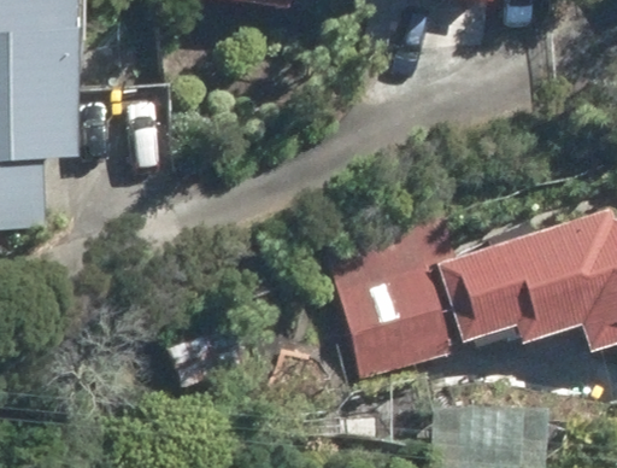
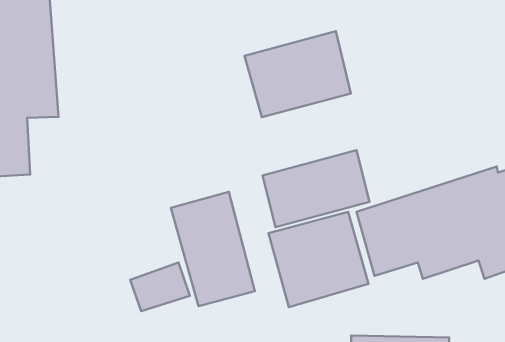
building: none -> [245,31,351,117]
building: none -> [171,192,255,306]

